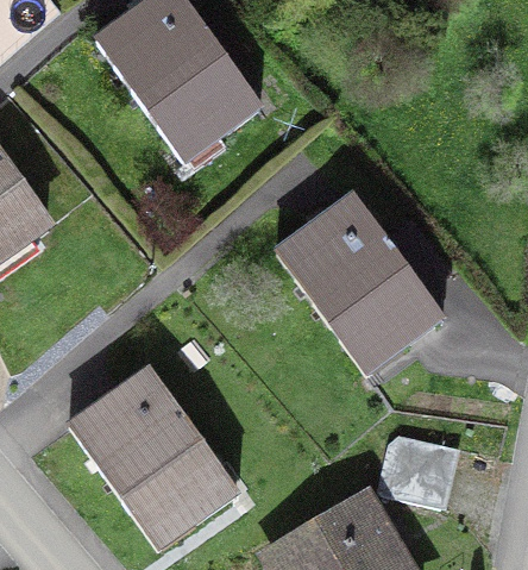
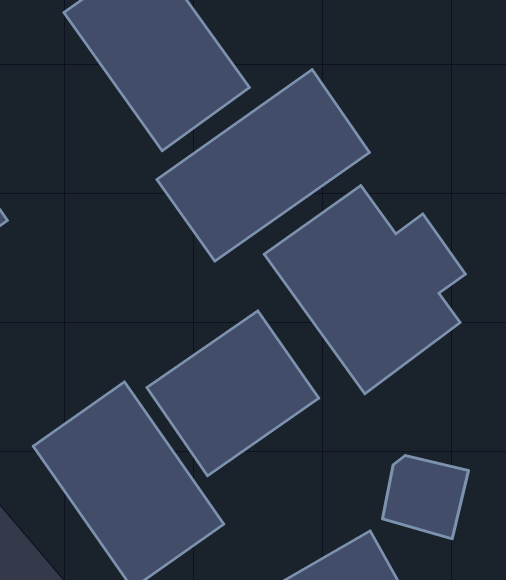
building: none -> [157,69,369,261]
building: none -> [147,311,319,476]

